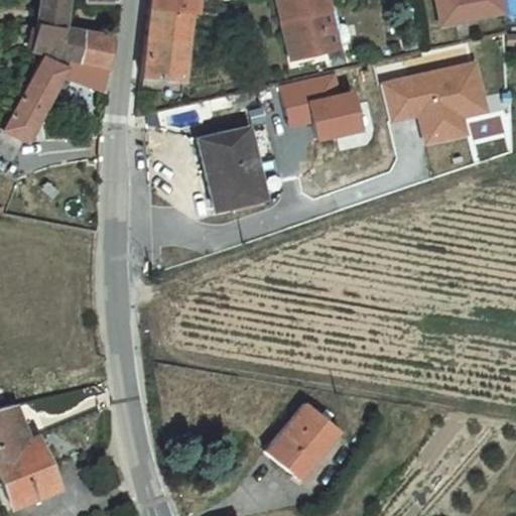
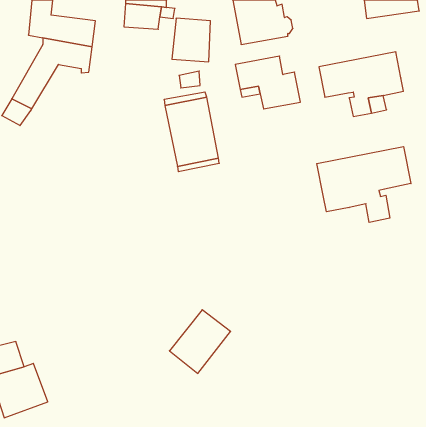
building: [144,33,190,86] -> [172,18,210,62]
building: none -> [317,147,411,222]
building: [263,407,337,484] -> [169,310,231,373]

